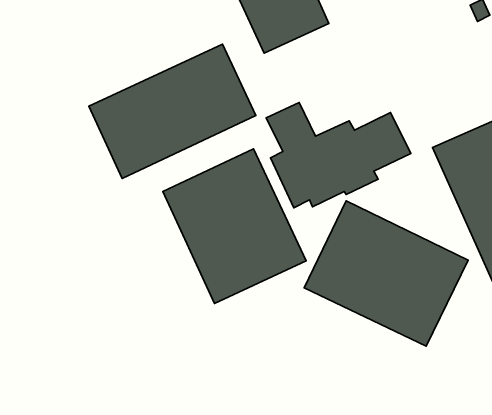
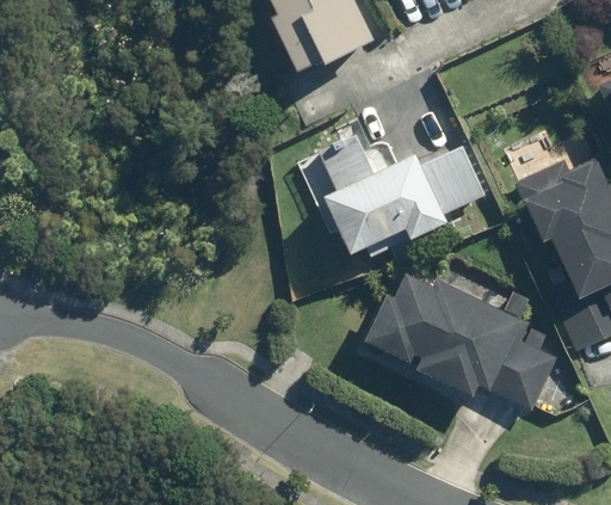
building: [89,44,256,178] -> none
building: [163,149,306,303] -> none

